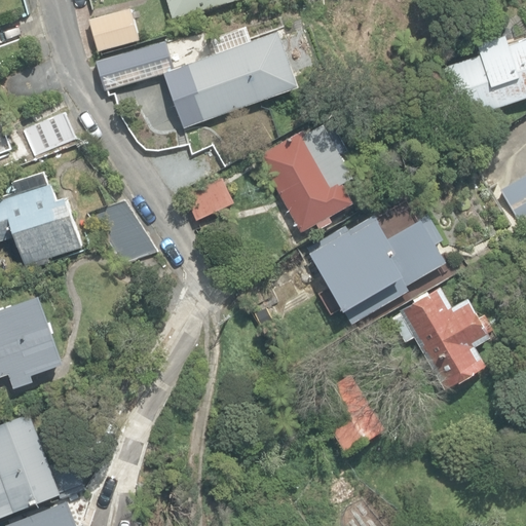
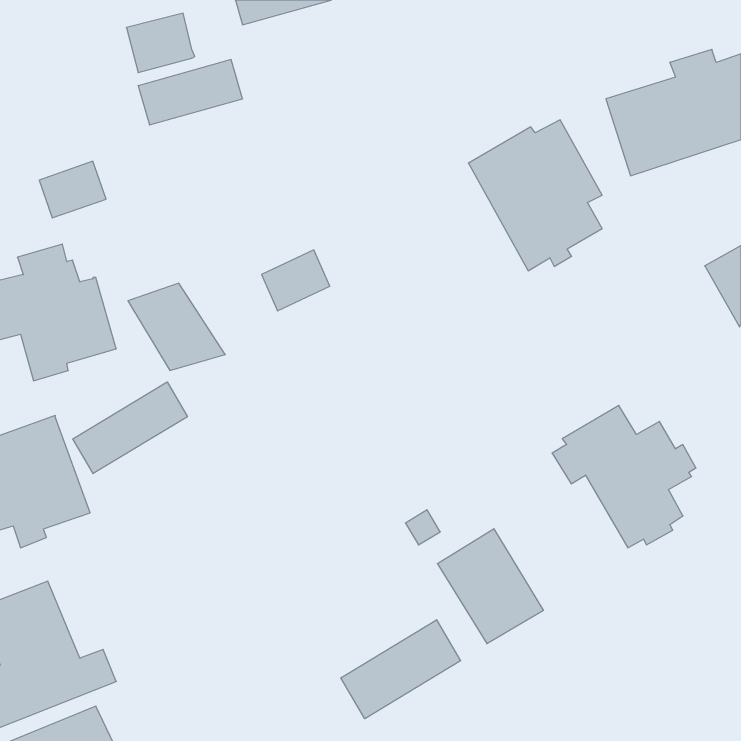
building: [182,32,298,122] -> none
building: [258,125,352,232] -> [468,120,602,271]
building: [305,217,445,324] -> none
building: none -> [73,382,187,474]
building: none -> [341,620,461,719]

